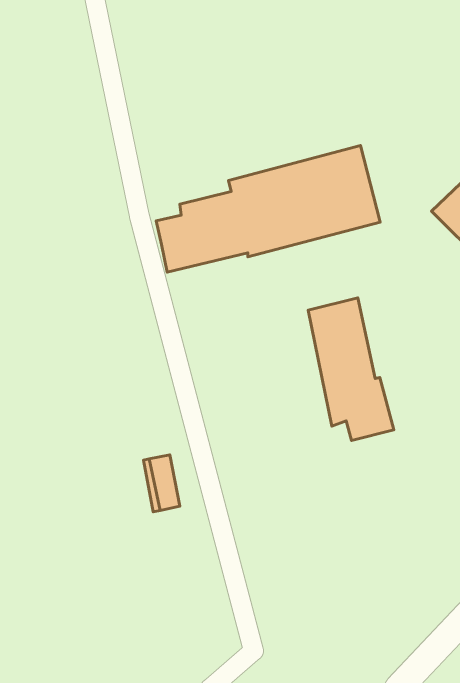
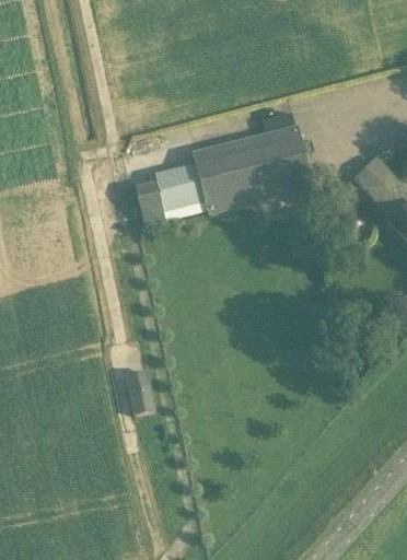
building: [308,298,394,441] -> none

